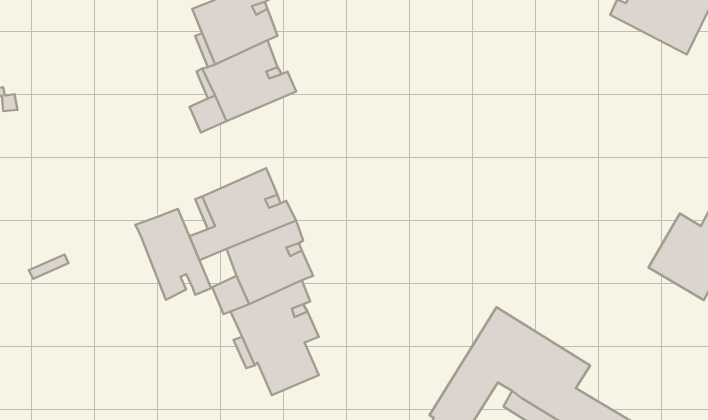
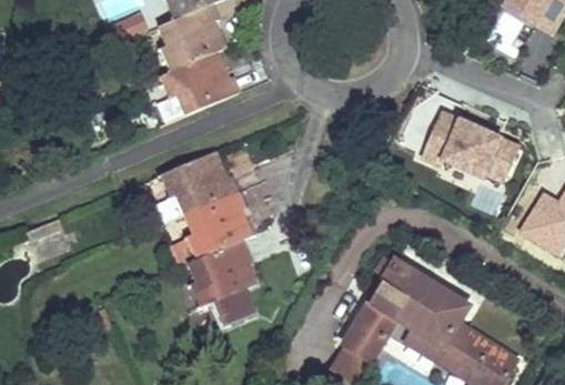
building: none -> [420,102,522,182]
building: [135,209,211,300] -> none

